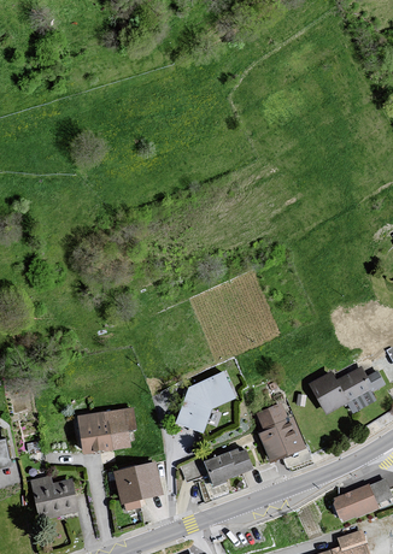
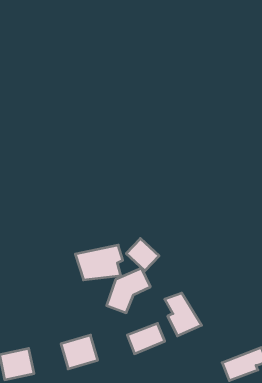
building: none -> [126,238,159,271]
building: [307,370,370,416] -> none
building: [75,407,139,454] -> [75,245,123,280]

